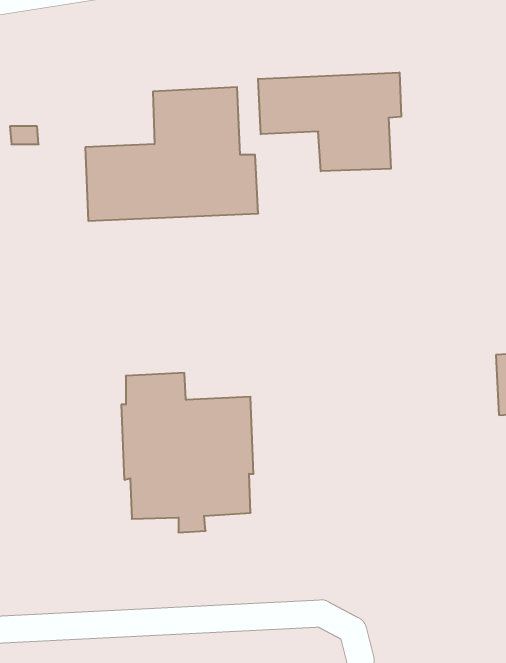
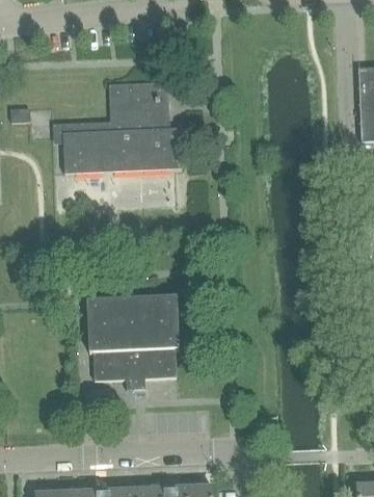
building: [258,72,401,171] -> none

